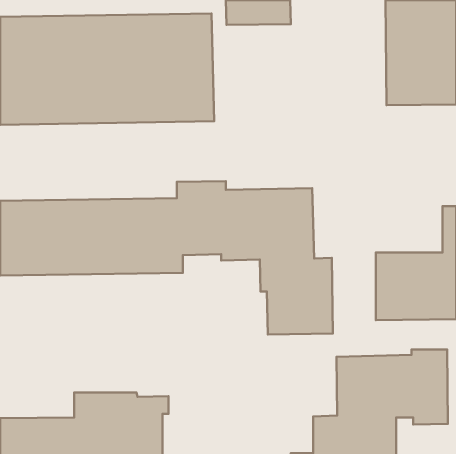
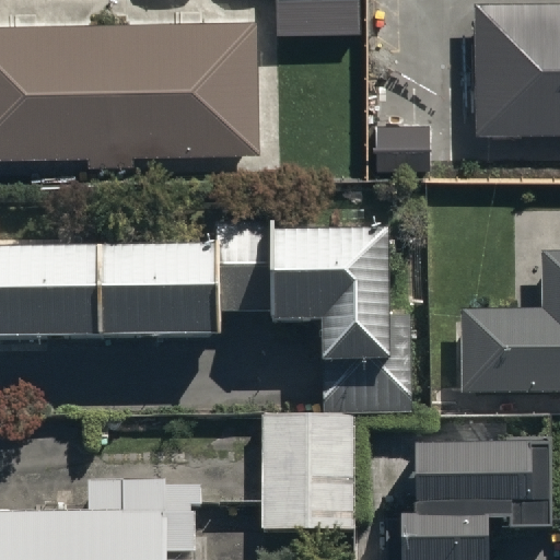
building: none -> [262,417,354,530]

